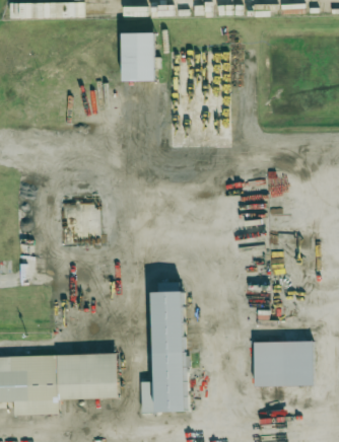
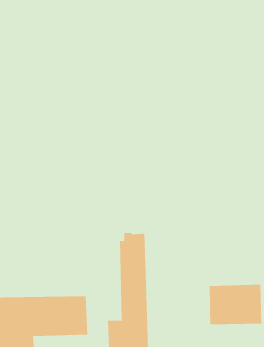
building: [121,32,154,81] -> none

